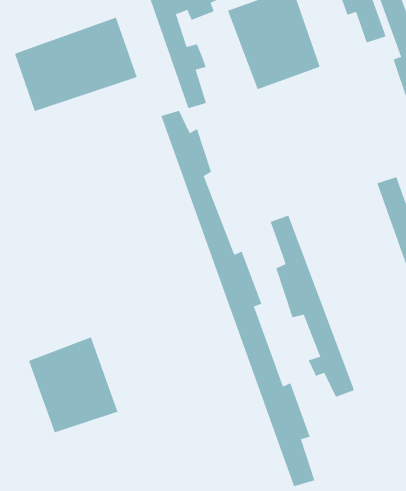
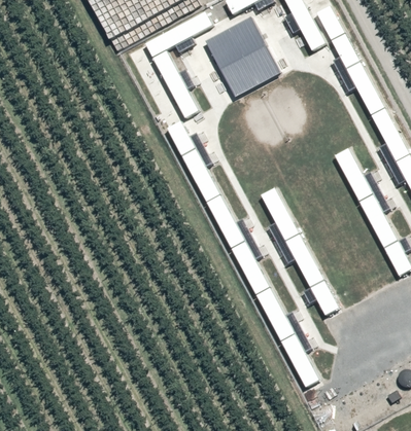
building: [14,17,137,112] -> none
building: [29,337,118,433] -> none

